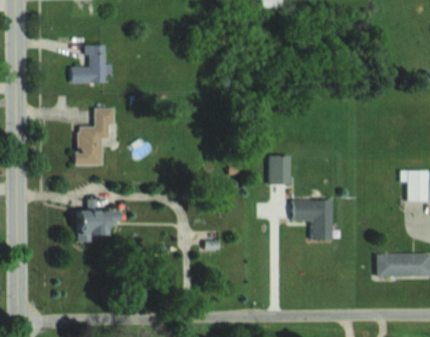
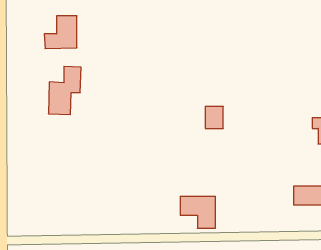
building: [75,200,125,239] -> none
building: [289,200,333,239] -> [180,196,215,228]

